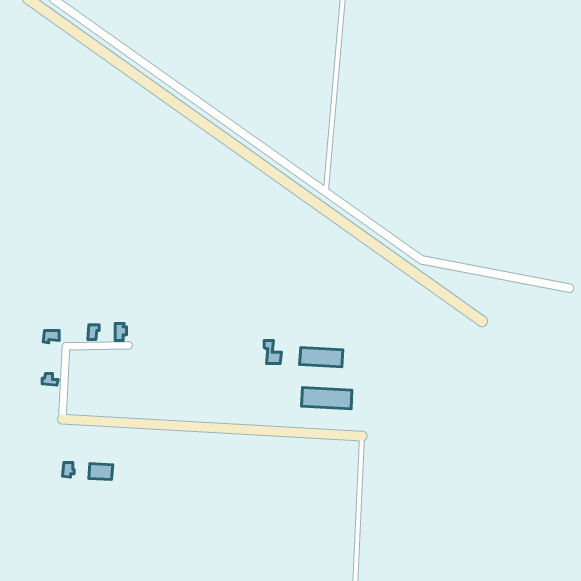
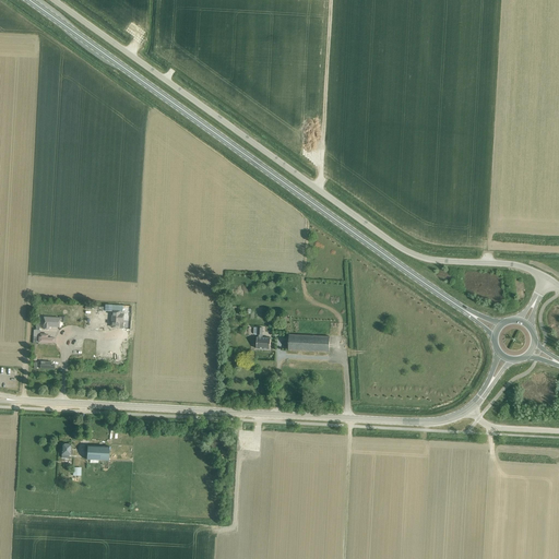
building: [302,387,352,409] -> none

